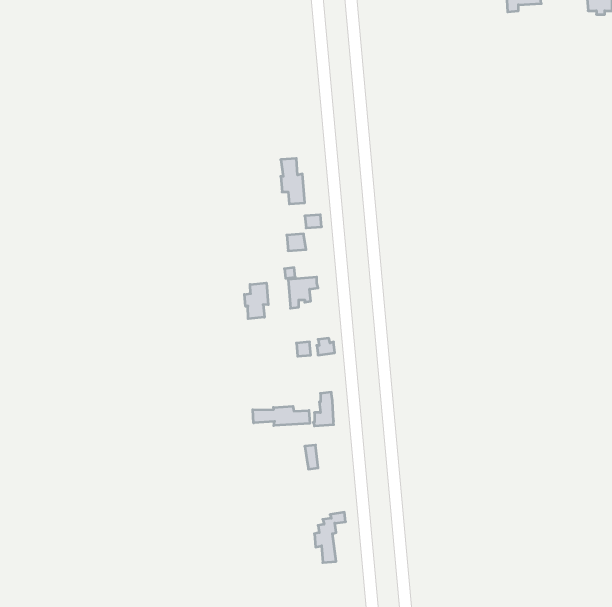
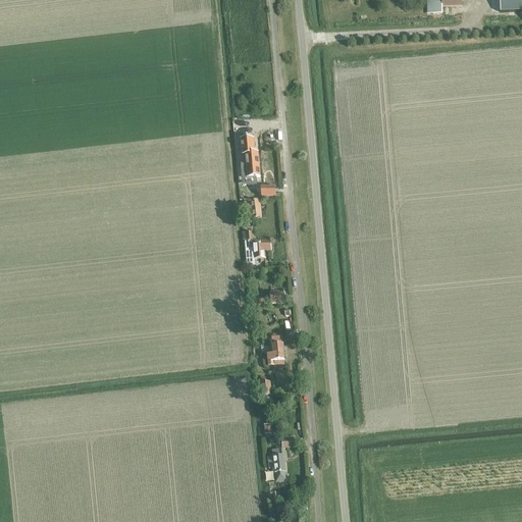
building: [244,283,268,319] -> none
building: [253,406,310,426] -> none

